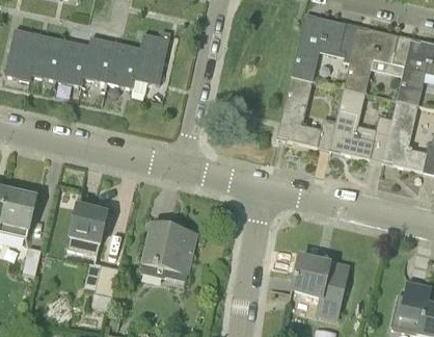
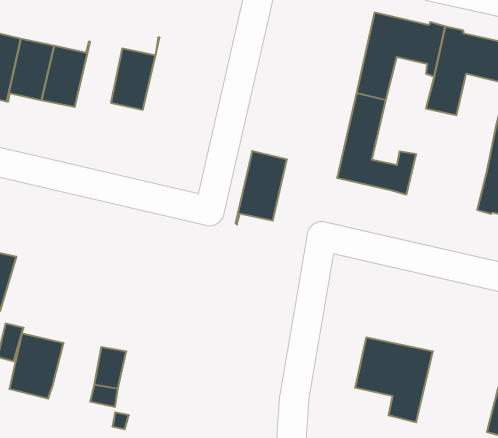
building: [131,32,169,87] -> [236,151,287,225]
building: [80,35,115,84] -> none
building: [328,85,388,161] -> none
building: [66,206,107,255] -> [9,333,64,399]
building: [142,224,196,281] -> none

